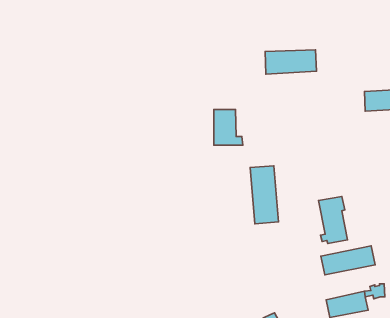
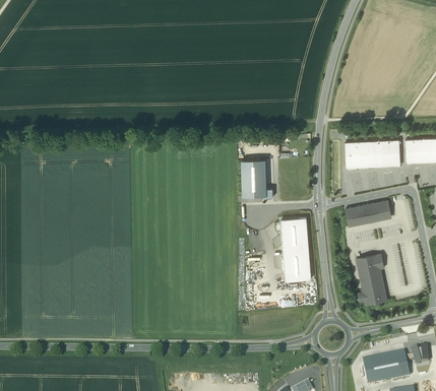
building: [265,50,316,74] -> [344,139,399,166]
building: none -> [345,200,388,223]
building: [321,246,375,275] -> none

